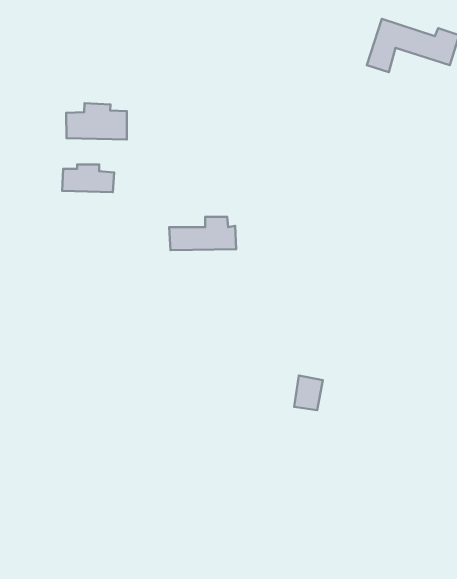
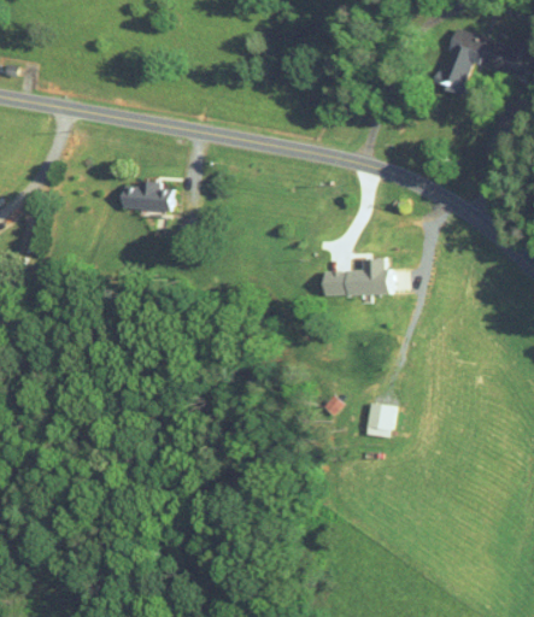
building: [66,103,127,140] -> none
building: [169,217,236,250] -> [322,260,392,295]

